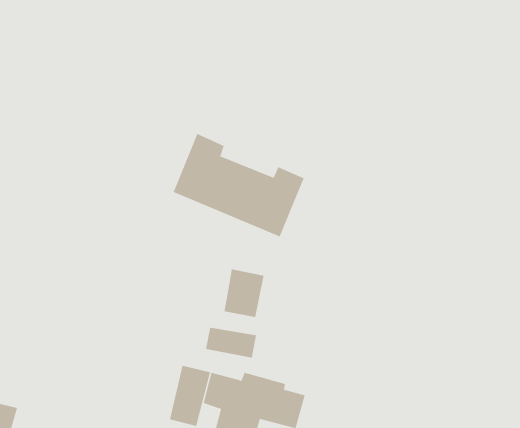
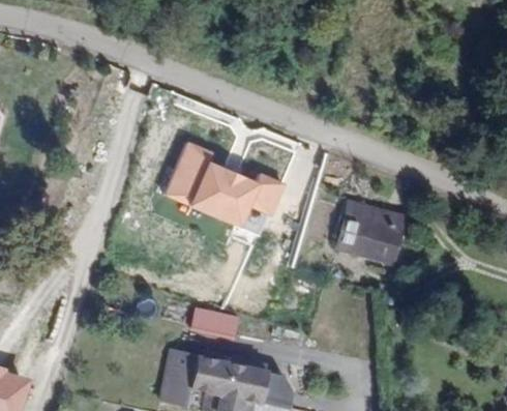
building: none -> [335,202,405,263]
building: [224,269,264,318] -> none

